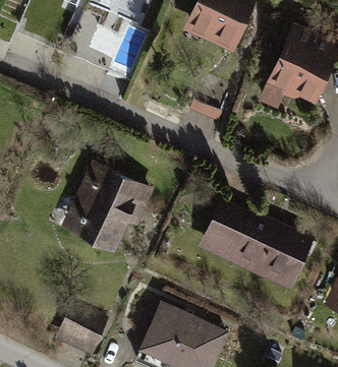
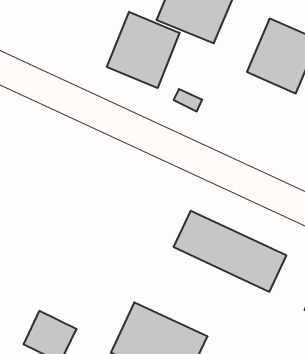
building: none -> [107,12,180,88]
building: [61,163,150,252] -> none

